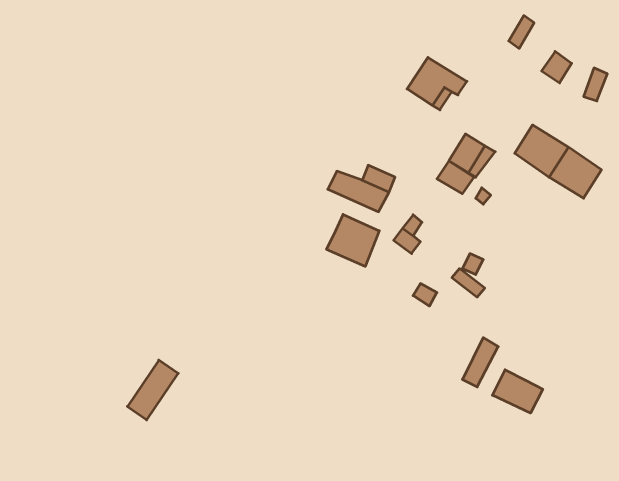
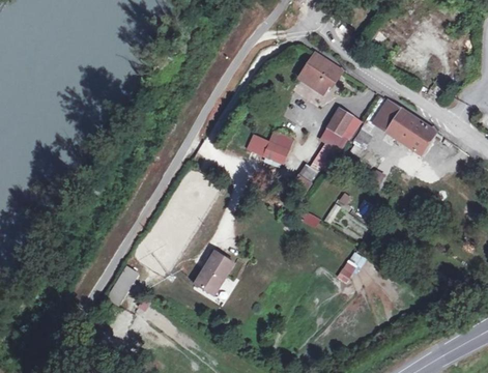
building: [327,214,379,266] -> none
building: none -> [195,253,234,296]
building: [492,370,543,413] -> none

